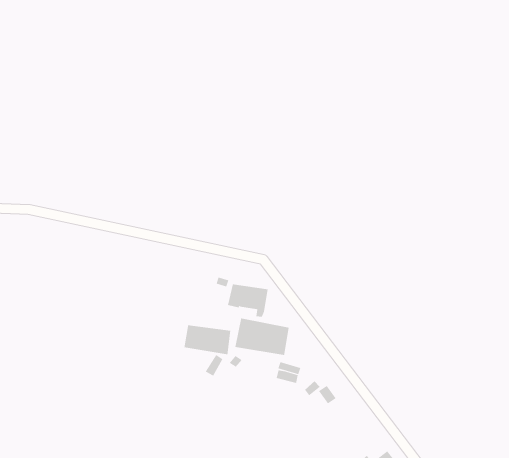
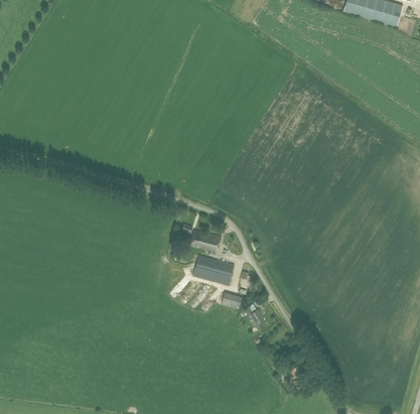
building: [184,324,231,355] -> none

